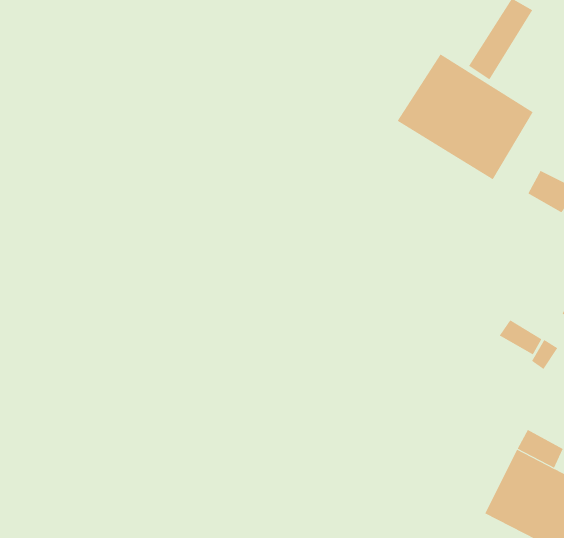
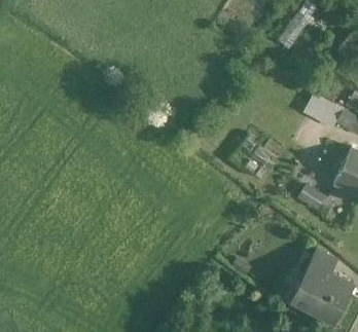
building: [397,54,533,180] -> none

